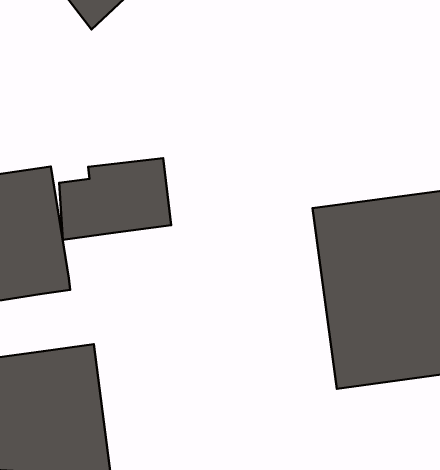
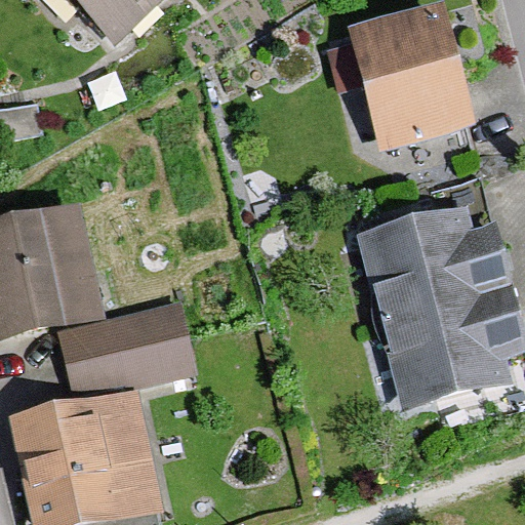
building: none -> [349,7,476,152]
building: [59,158,171,240] -> [78,299,198,391]

